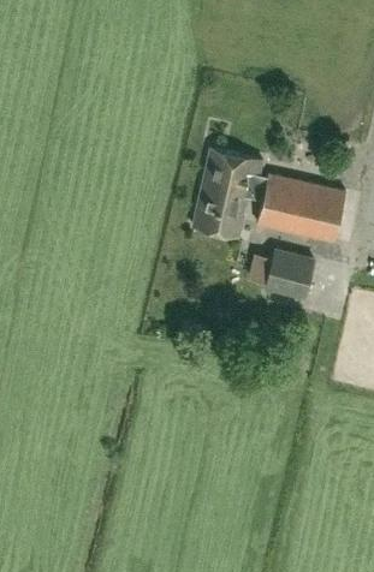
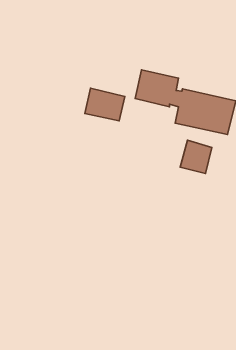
building: [191,189,250,237] -> [85,88,125,121]

